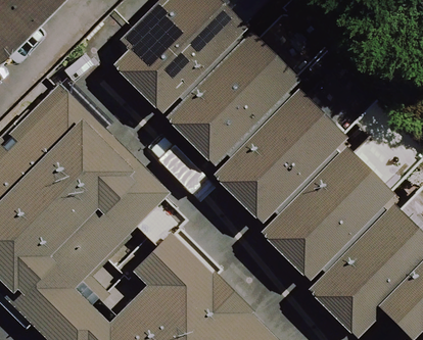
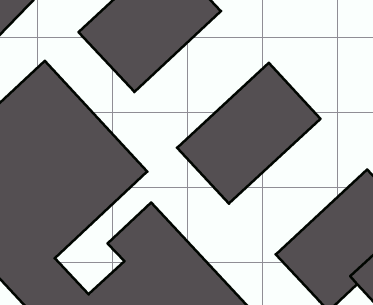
building: [155,30,293,169] -> none
building: [252,140,394,279] -> none

